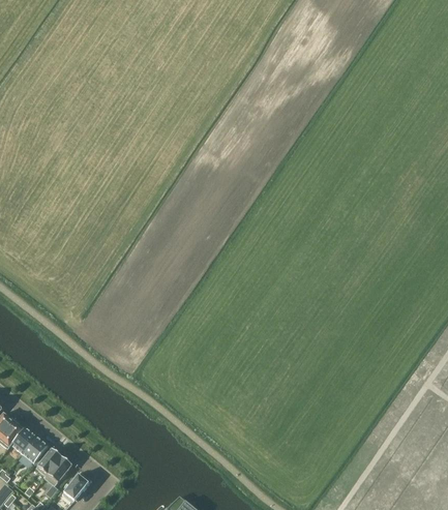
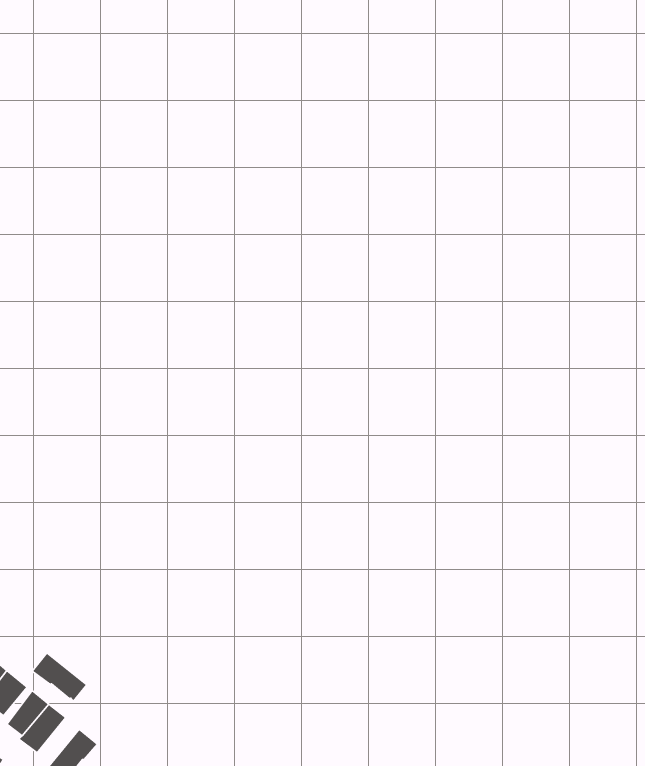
building: none -> [32,653,87,701]

